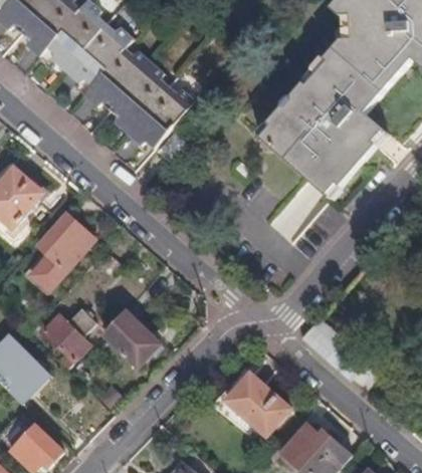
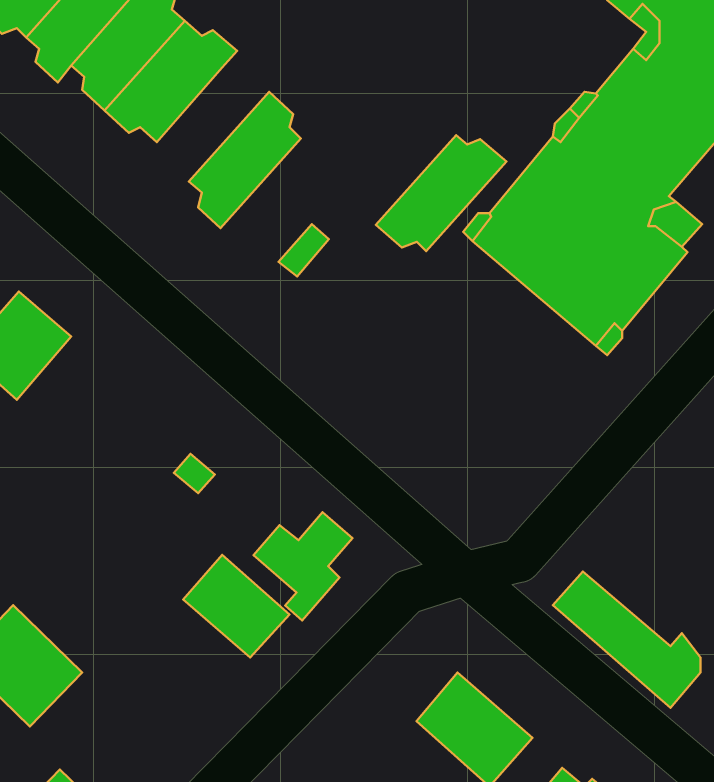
building: [80,46,149,107] -> none
building: [123,84,193,147] -> [376,135,506,251]
building: [25,213,95,289] -> none
building: [43,308,96,367] -> [254,512,352,620]

